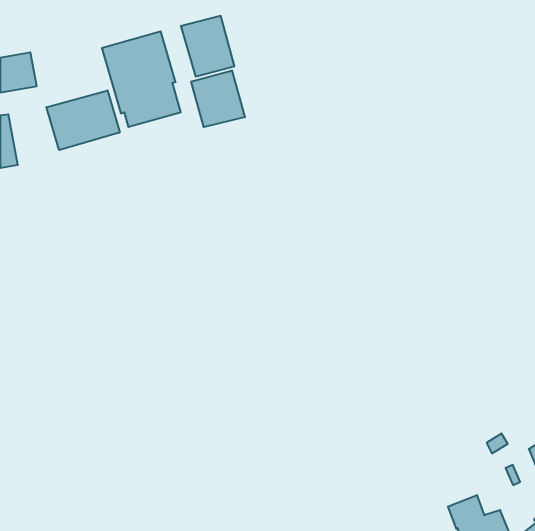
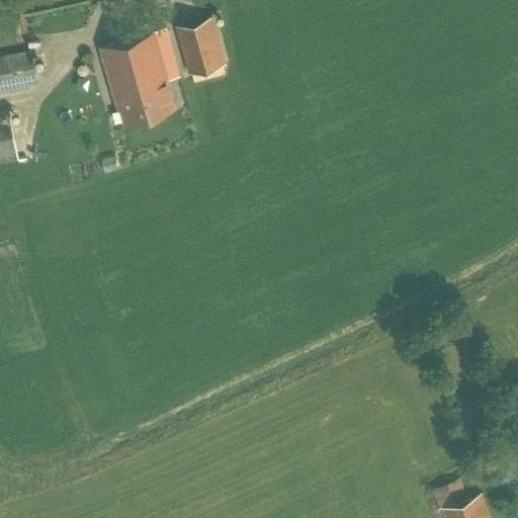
building: [191,70,245,127] -> none
building: [46,90,120,150] -> none

